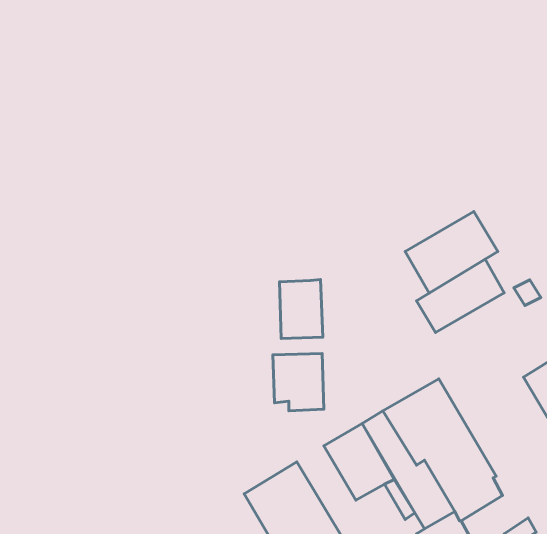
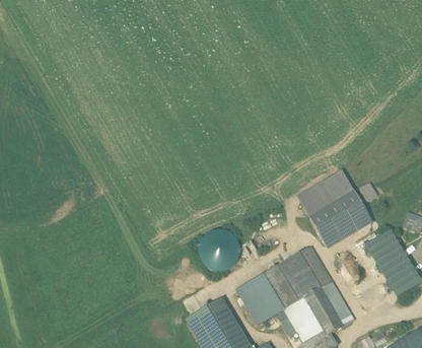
building: [405,212,498,293] -> [309,191,368,242]
building: [280,279,323,338] -> none

